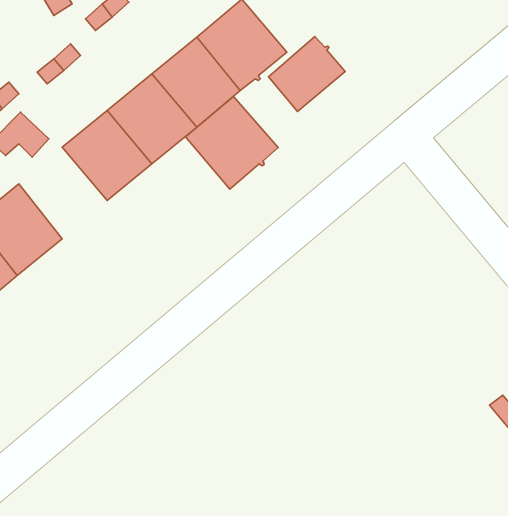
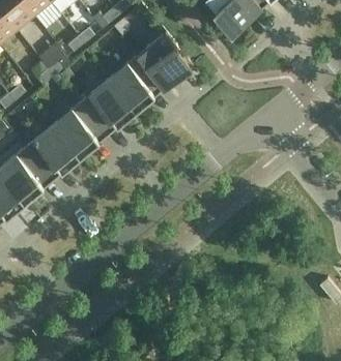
building: [269,37,345,112] -> none
building: [185,97,278,189] -> none
building: none -> [24,125,79,182]

